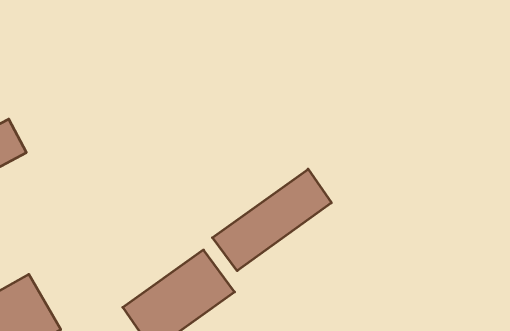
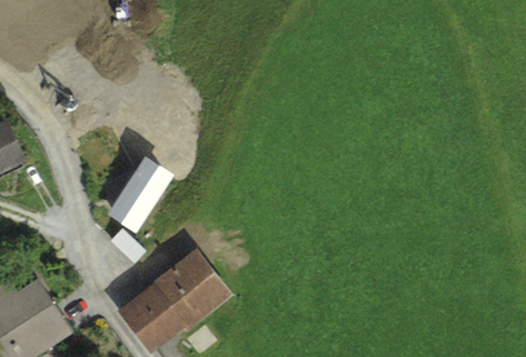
building: none -> [103,158,163,228]
building: [212,169,331,271] -> none

